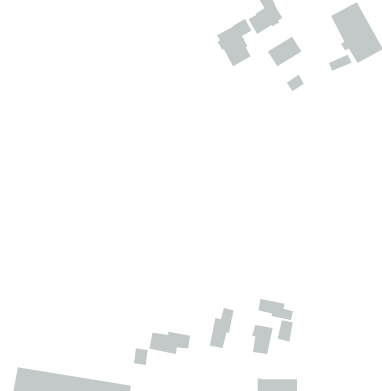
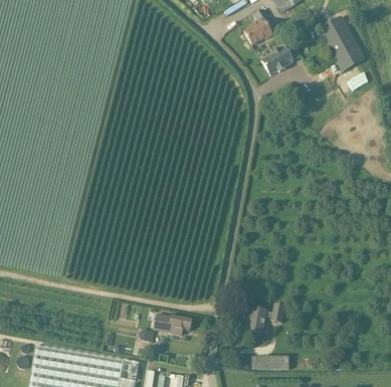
building: [216,18,252,67] -> none
building: [258,298,294,321] -> none
building: [209,307,234,349] -> none

